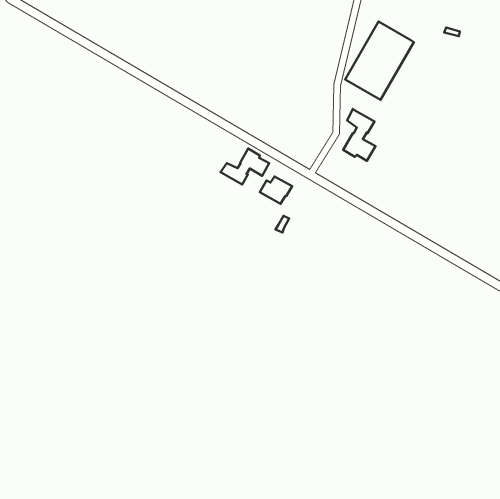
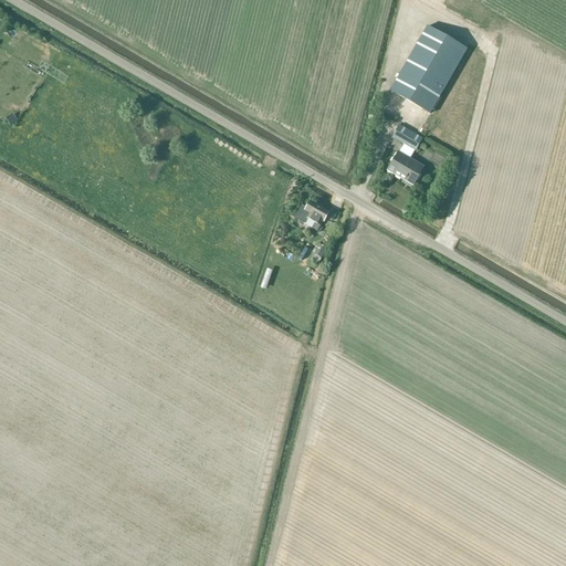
building: [221,149,269,185] -> none

